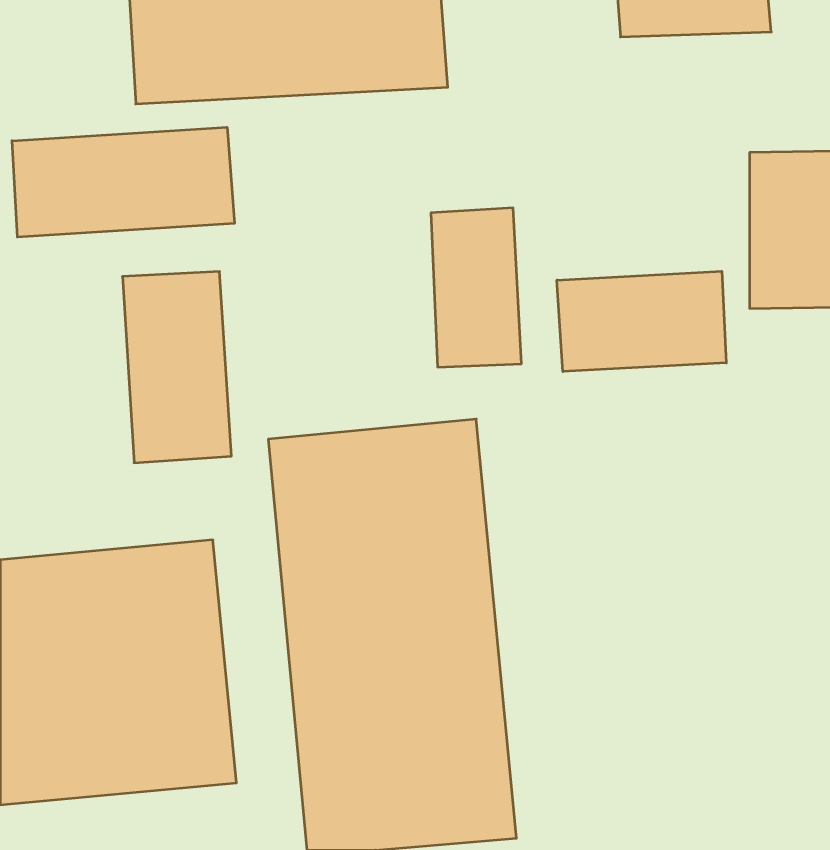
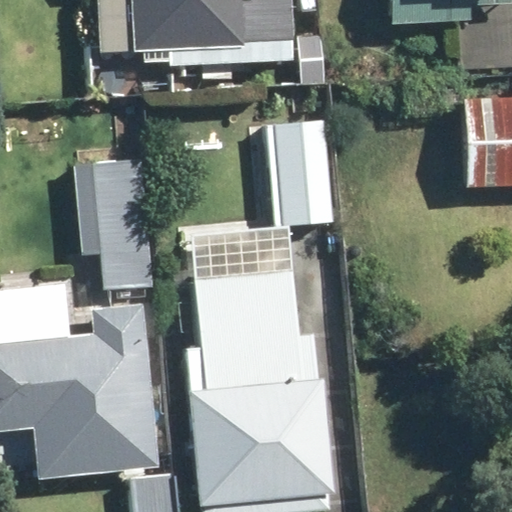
building: [12,127,234,237] -> none
building: [557,271,726,372] -> none

